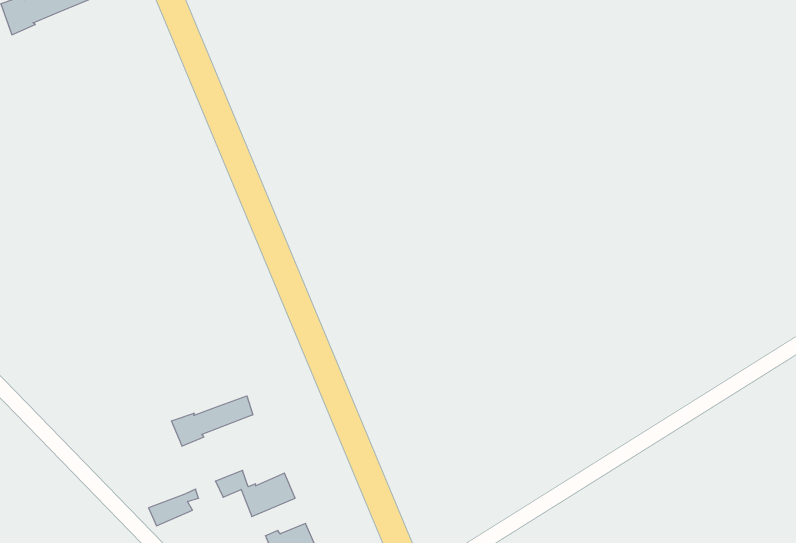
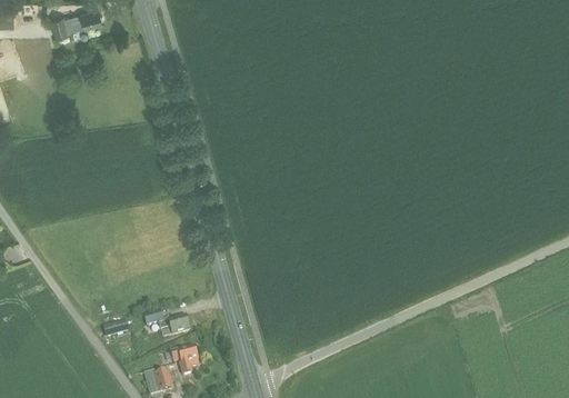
building: [172,396,253,446] -> none

